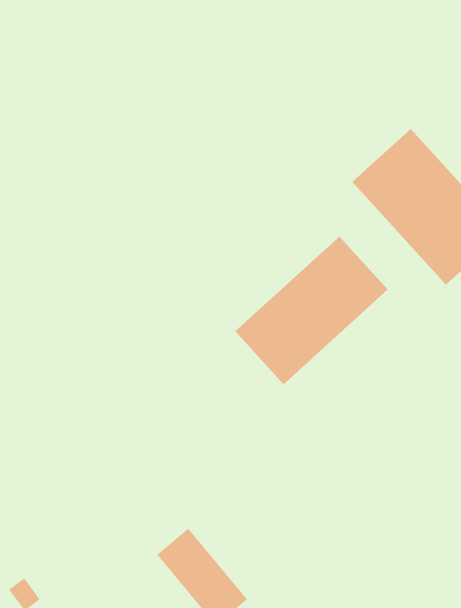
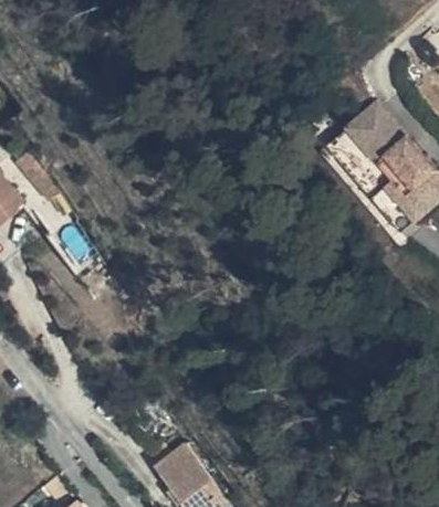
building: [235,236,389,385] -> none

